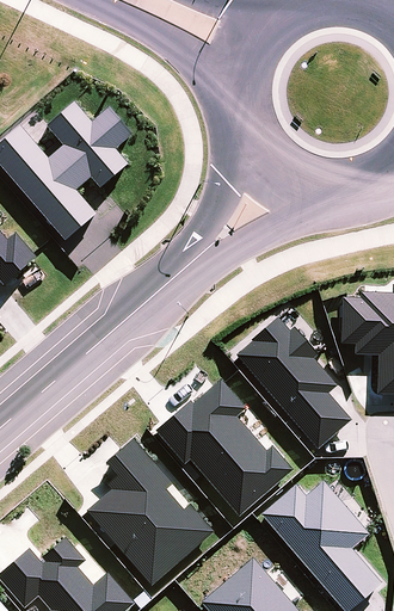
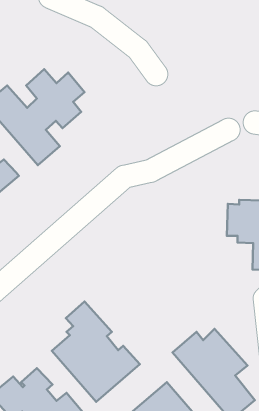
building: [235,317,350,449] -> none
building: [154,379,291,516] -> none

